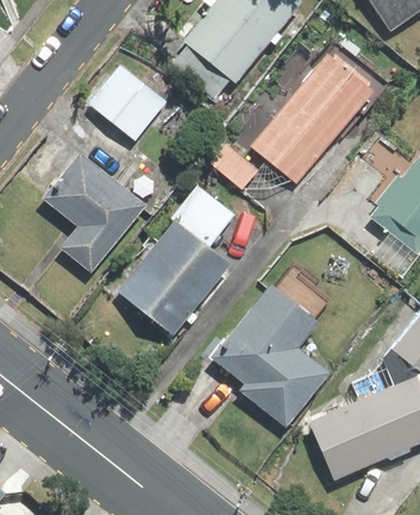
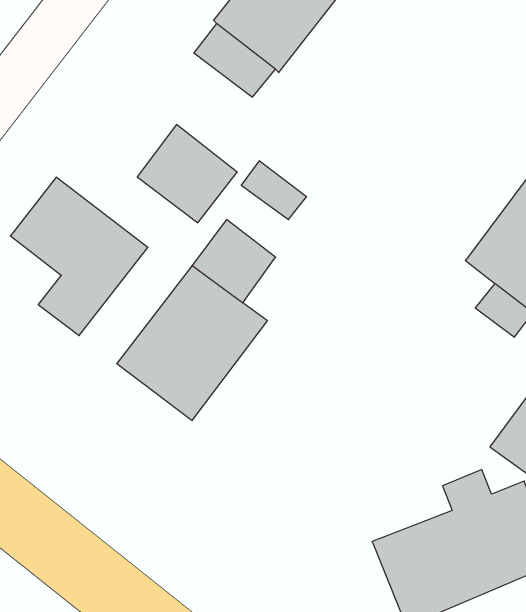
building: [253,59,368,183] -> none
building: [93,67,165,138] -> [137,125,237,223]
building: [212,284,330,428] -> none

